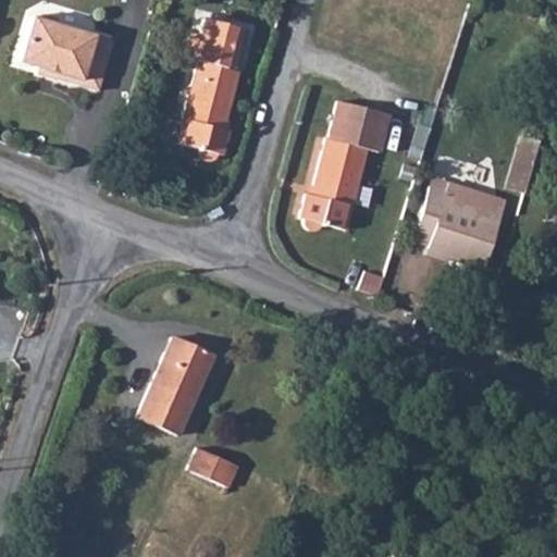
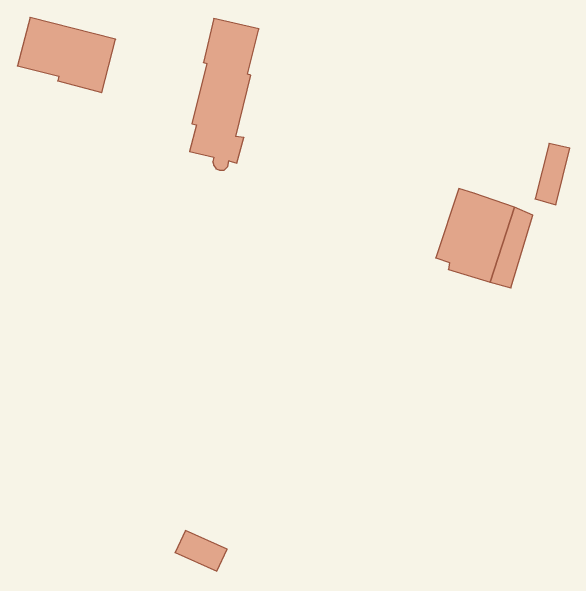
building: [302,100,392,228] -> none
building: [137,337,214,437] -> none
building: [189,447,238,485] -> [175,531,227,571]

